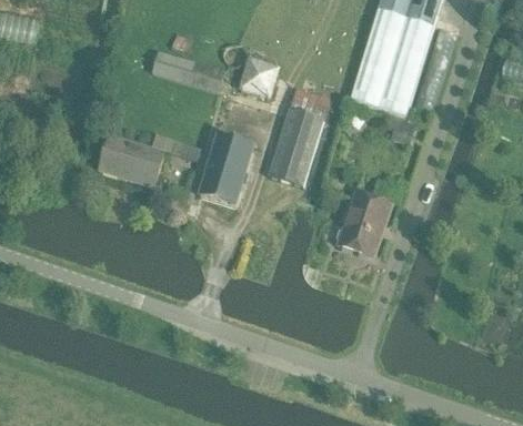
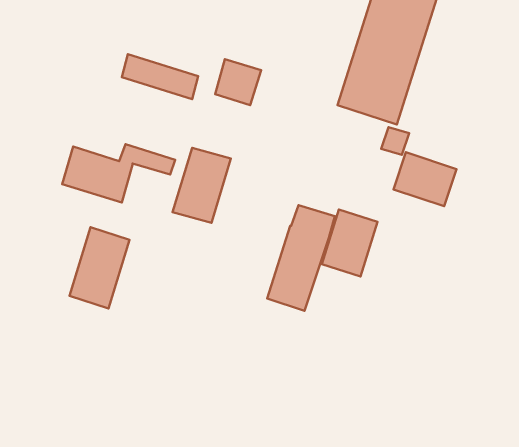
building: [268,88,330,184] -> [267,205,335,311]
building: none -> [394,152,456,206]
building: none -> [69,227,129,309]

